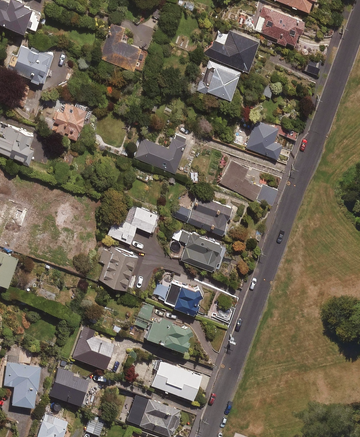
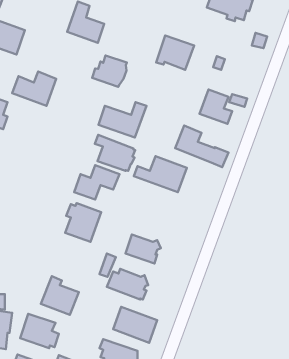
building: [206,27,261,71] -> none
building: none -> [92,55,127,87]
building: [179,230,224,270] -> [95,135,135,171]

